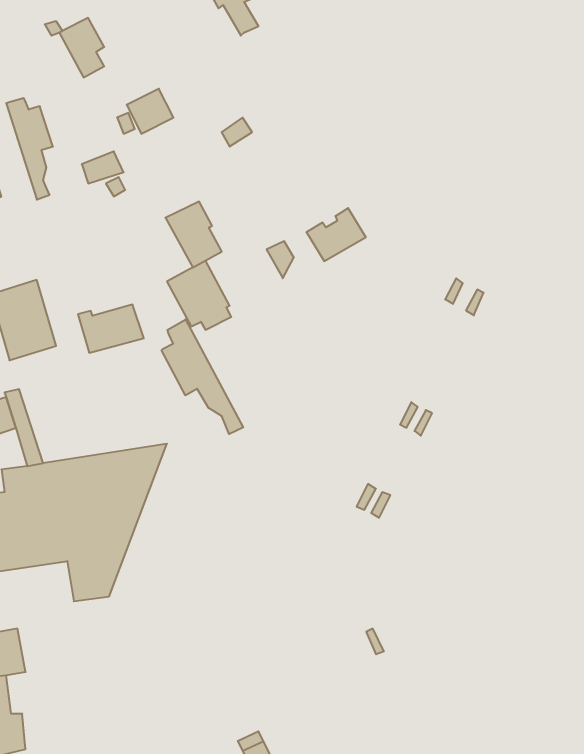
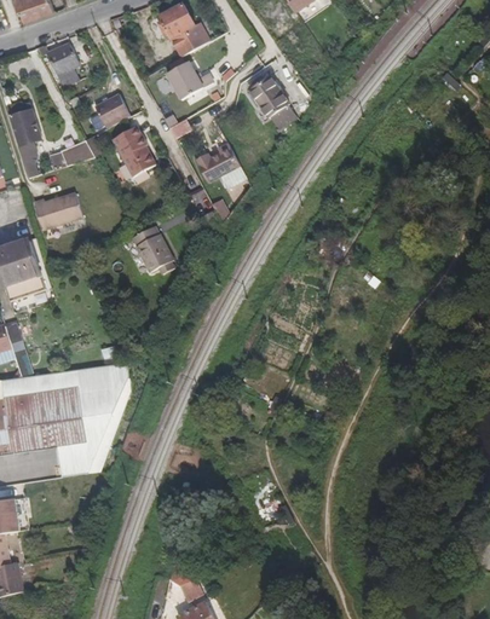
building: none -> [166,59,203,98]
building: none -> [249,73,295,126]
building: [165,202,222,268] -> [113,127,155,177]
building: [306,208,366,261] -> [196,141,241,181]
building: [78,305,144,353] -> [34,192,83,228]
building: [162,319,243,434] -> none

